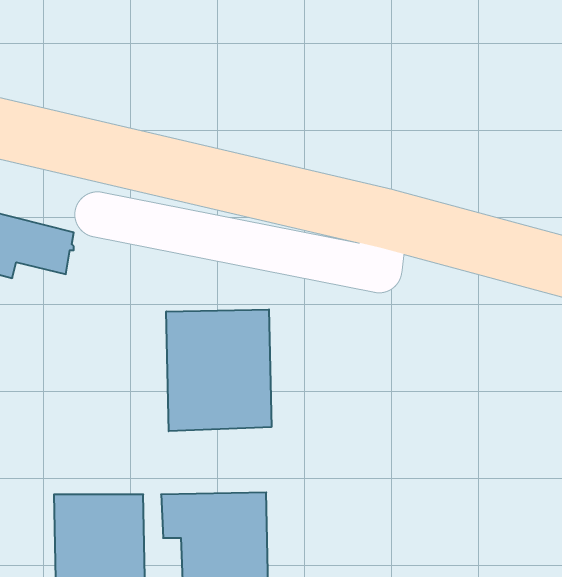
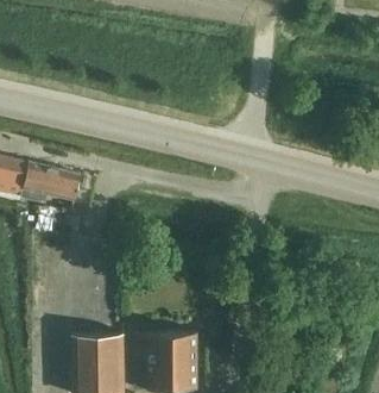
building: [166,309,271,431] -> none

